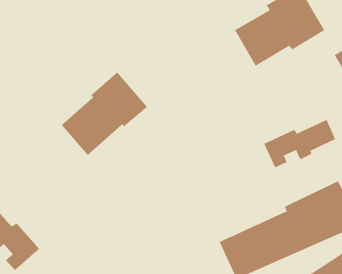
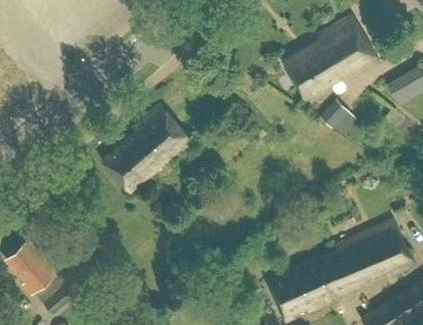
building: none -> [320,100,356,133]
building: [263,119,336,168] -> none

